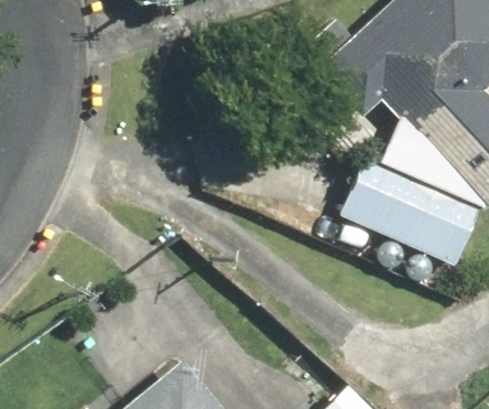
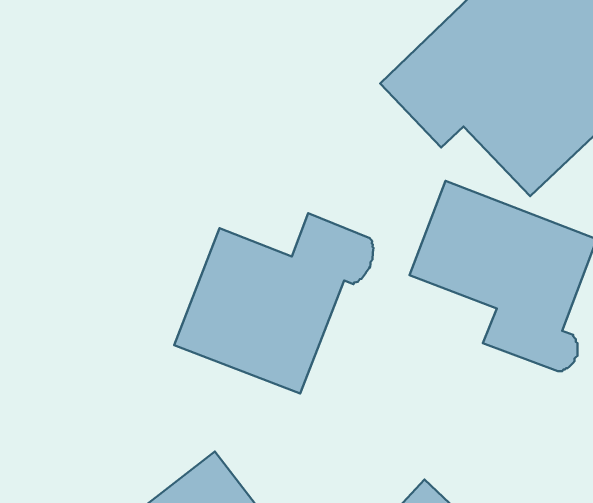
building: none -> [174,213,373,394]

